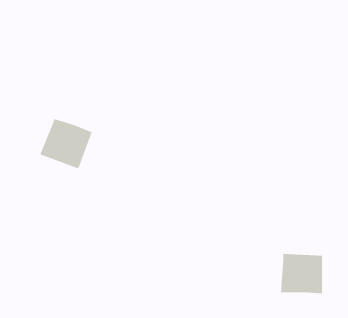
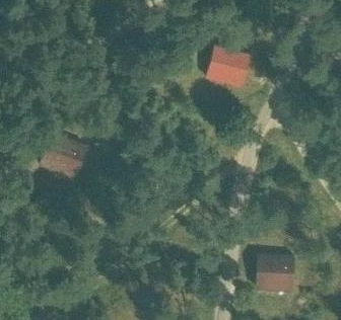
building: none -> [204,48,250,90]

